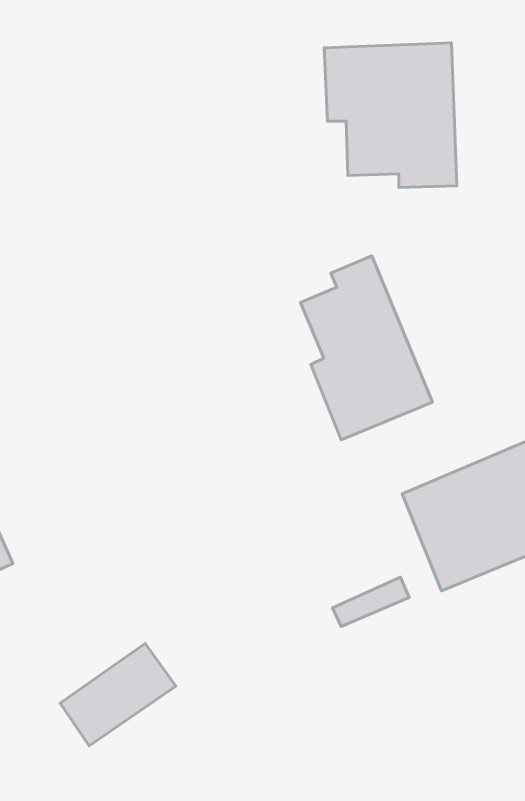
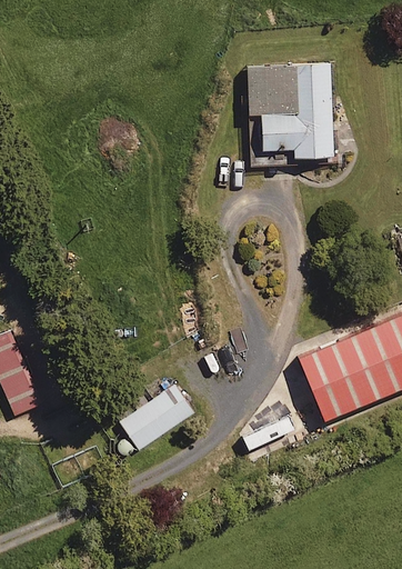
building: [301,256,432,440] -> none
building: [60,644,176,746] -> [118,383,193,450]

